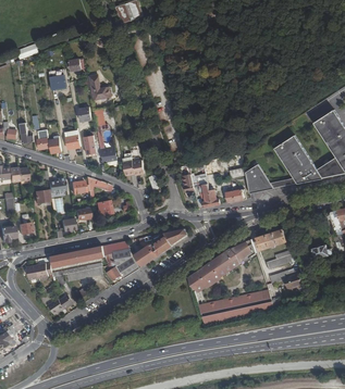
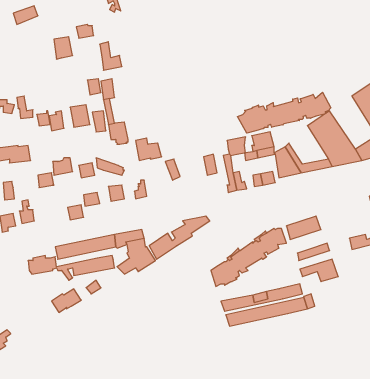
building: none -> [237,92,331,133]

